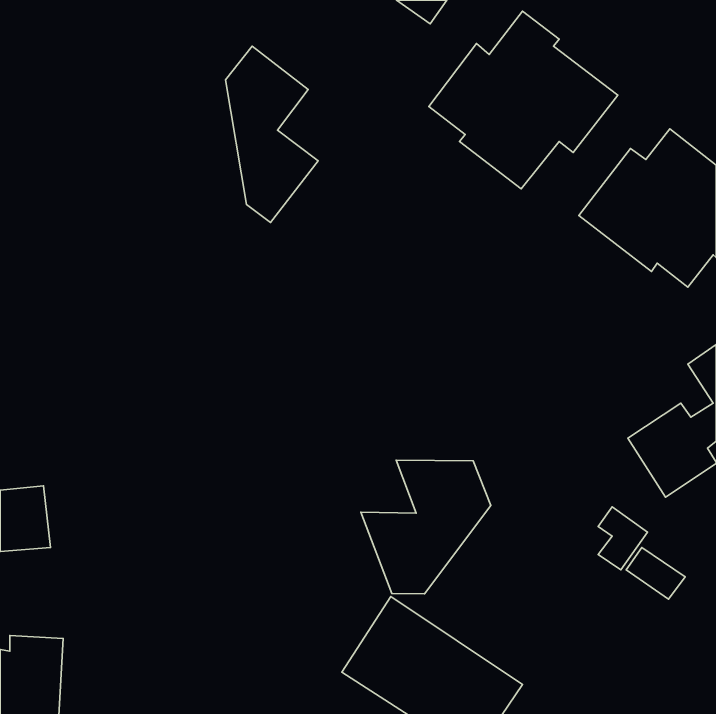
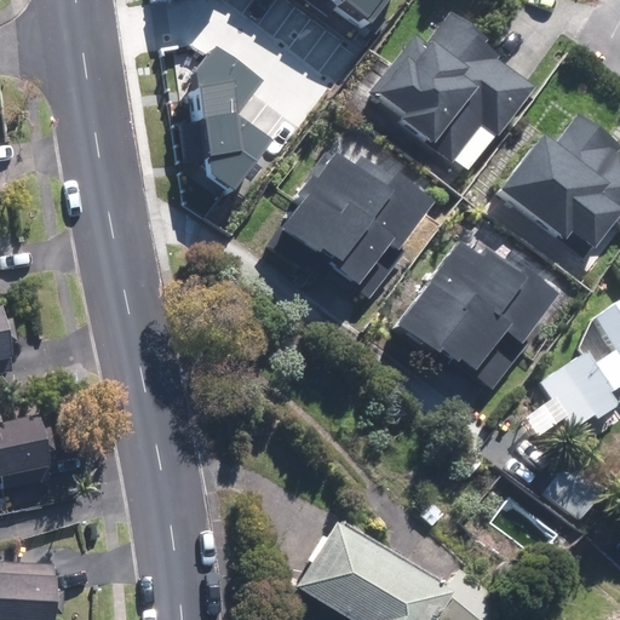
building: none -> [277,133,437,297]
building: none -> [397,241,559,385]
building: [361,460,491,594] -> none

